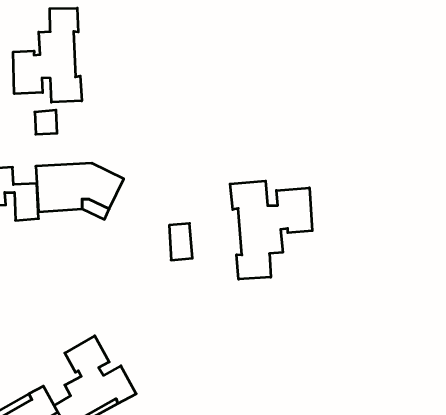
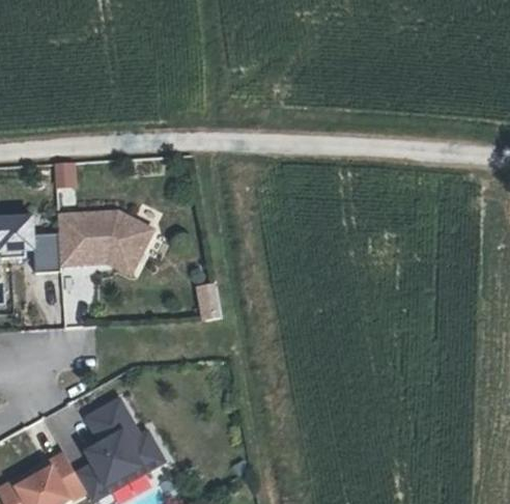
building: [13,8,82,102] -> none
building: [230,181,312,279] -> none

